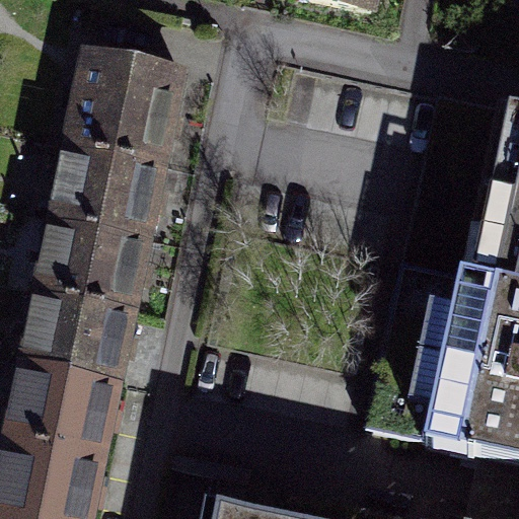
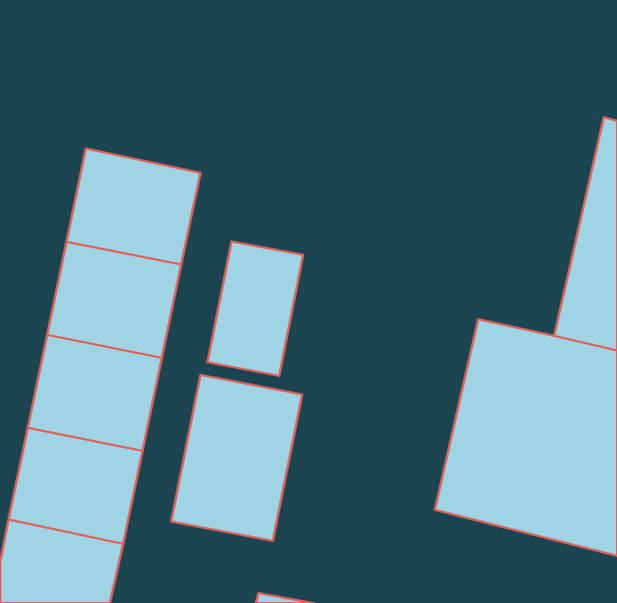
building: [72,48,183,145] -> none
building: none -> [207,241,303,376]
building: none -> [171,375,302,541]

